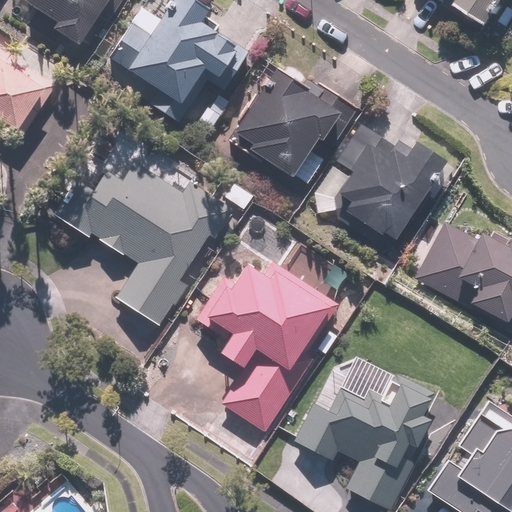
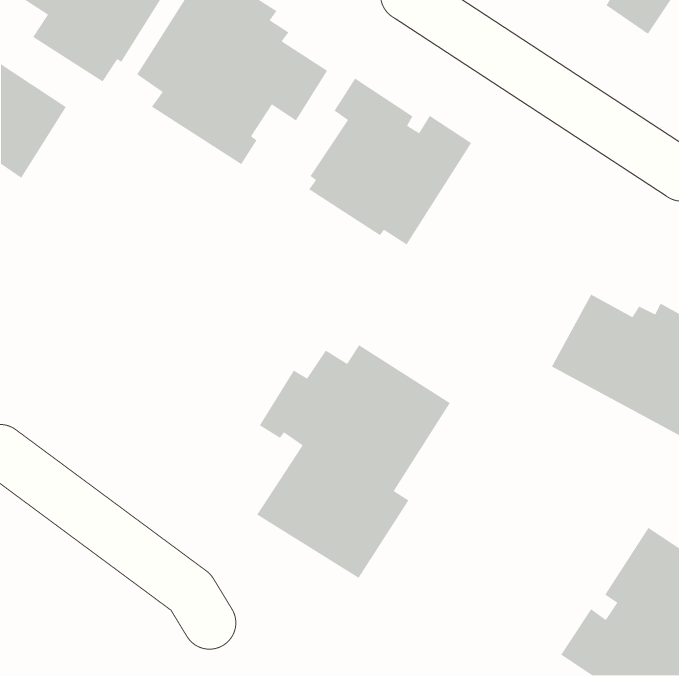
building: [328,124,451,242] -> none
building: [75,148,235,325] -> none
building: [294,383,427,501] -> none

